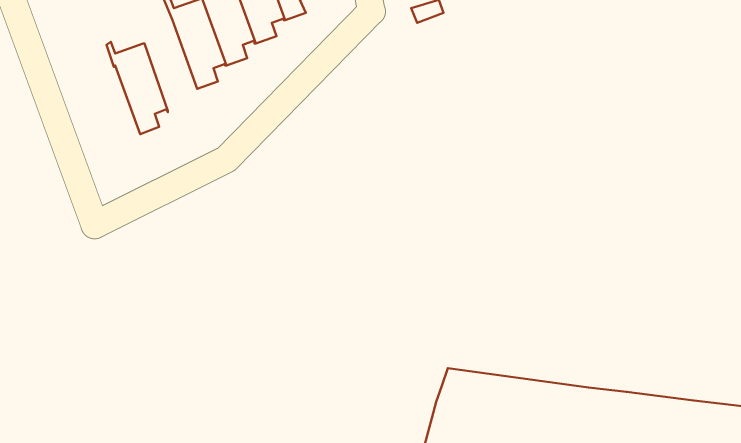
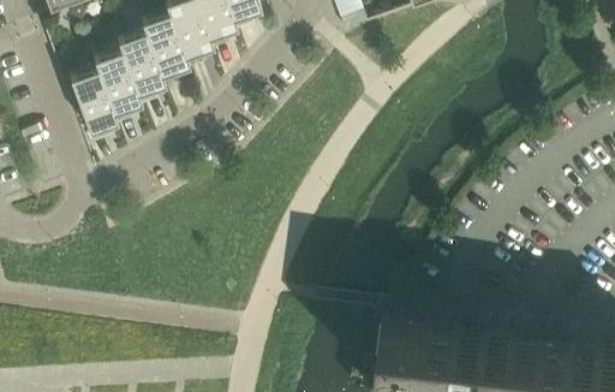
building: none -> [115,34,167,108]
building: none -> [68,71,120,147]

